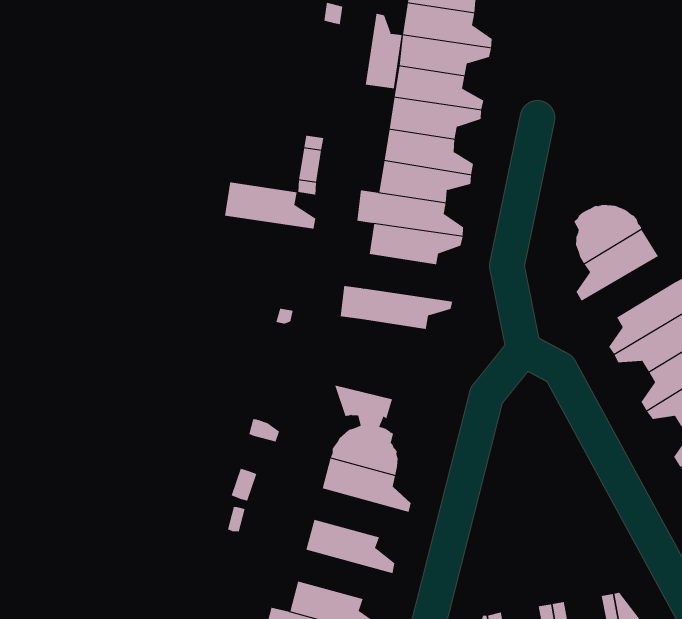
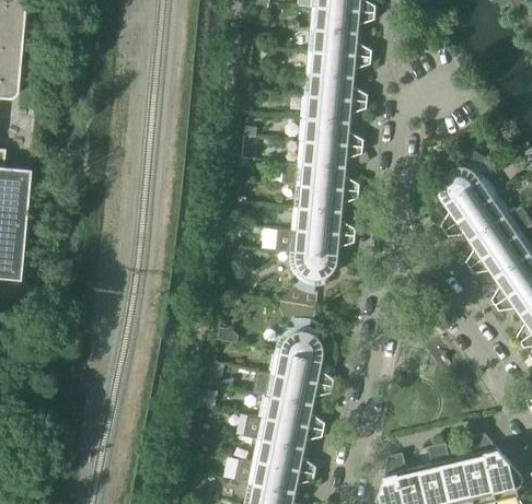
building: [365,13,402,89] -> none
building: [224,182,316,229] -> [291,208,356,237]
building: none -> [444,197,509,242]
building: none -> [275,254,337,308]
building: none -> [254,372,333,406]
building: none -> [257,418,324,449]

